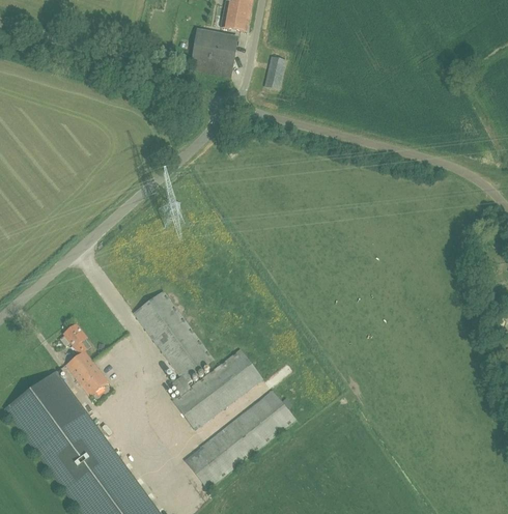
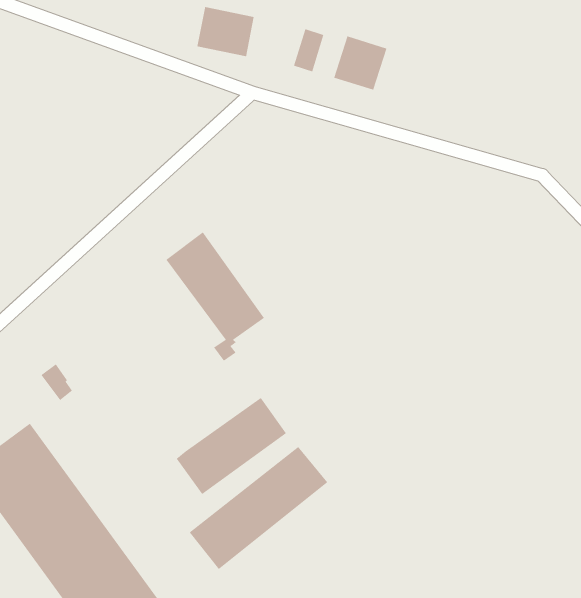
building: none -> [333,36,387,91]
building: [134,289,214,394] -> [166,231,265,362]
building: [65,350,108,395] -> none

